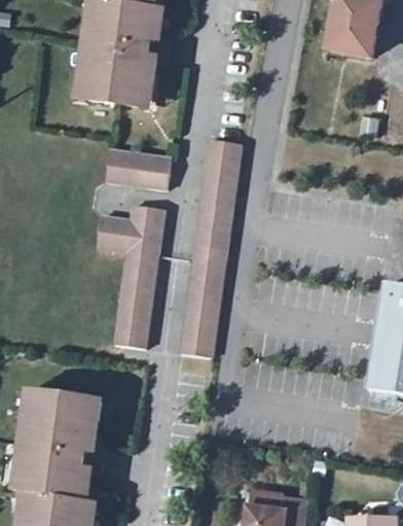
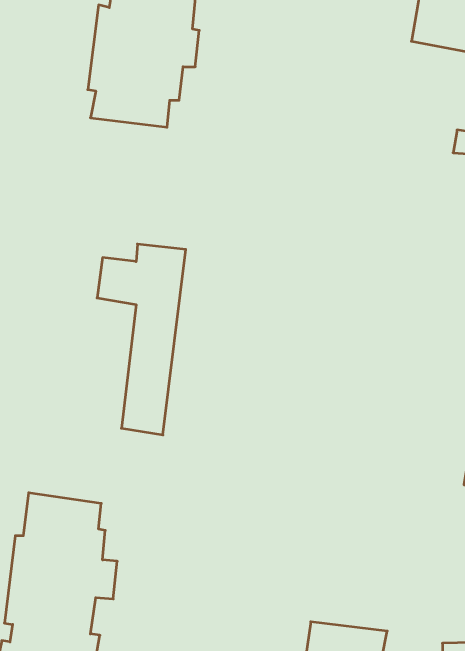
building: [177,141,240,359] -> none
building: [98,148,167,188] -> none

